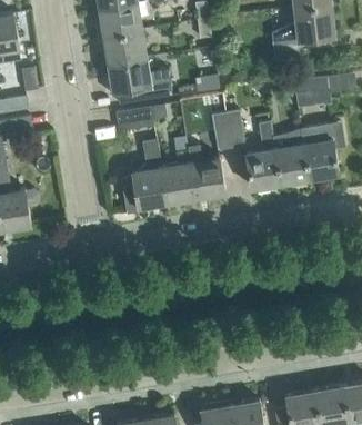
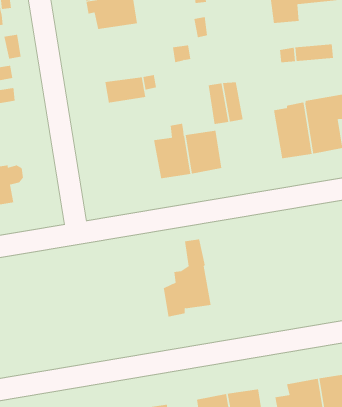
building: [104,57,172,99] -> none
building: [245,121,281,191] -> none
building: [122,140,168,214] -> [163,239,212,317]

